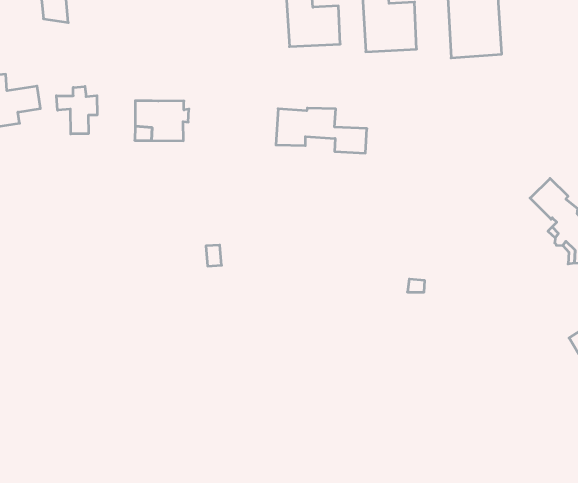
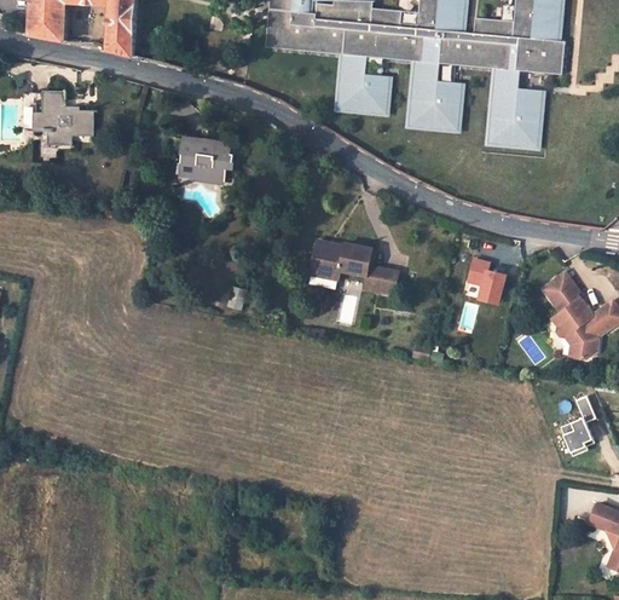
building: [56,86,97,134] -> none
building: [276,108,367,153] -> [308,240,397,294]
building: none -> [467,258,504,302]

